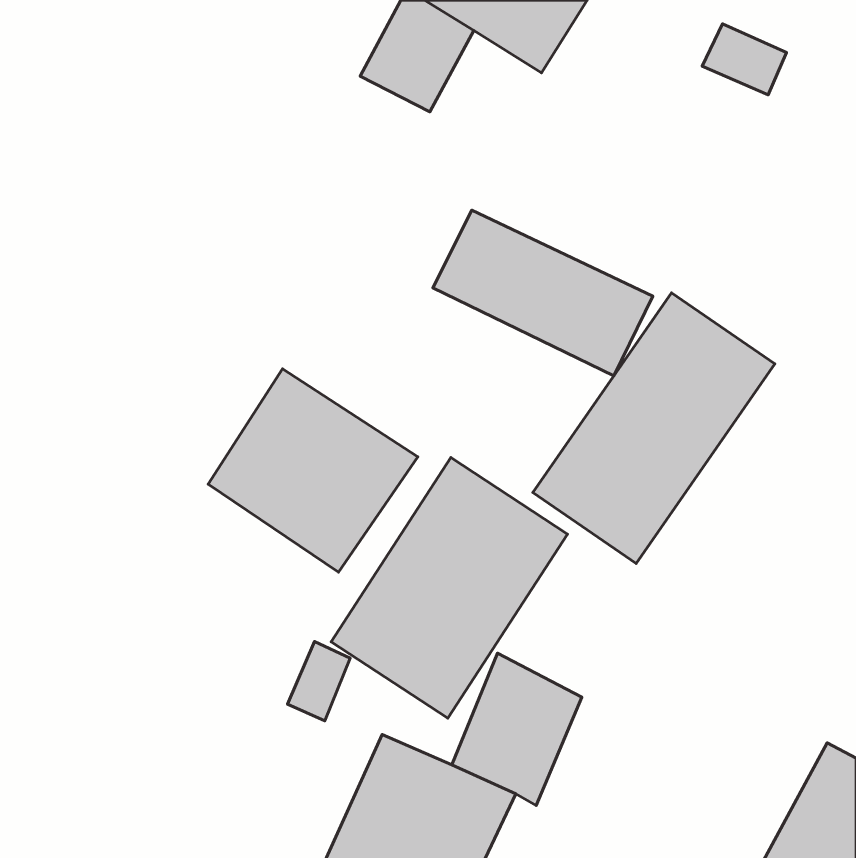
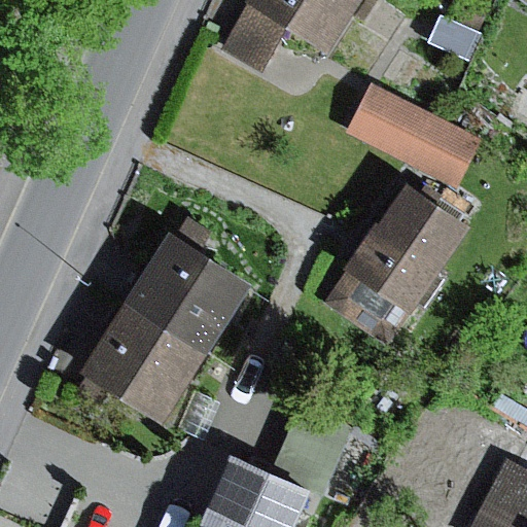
building: [433,210,653,376] -> [347,86,481,187]
building: [331,458,568,718] -> none
building: none -> [81,298,206,420]

